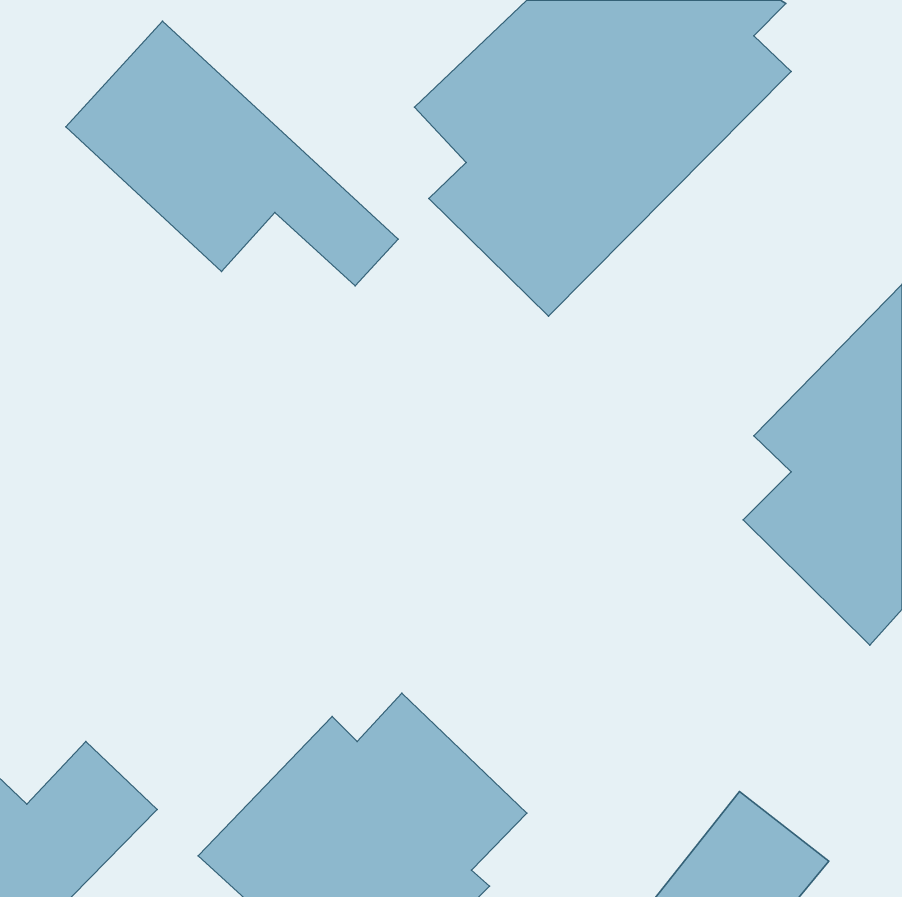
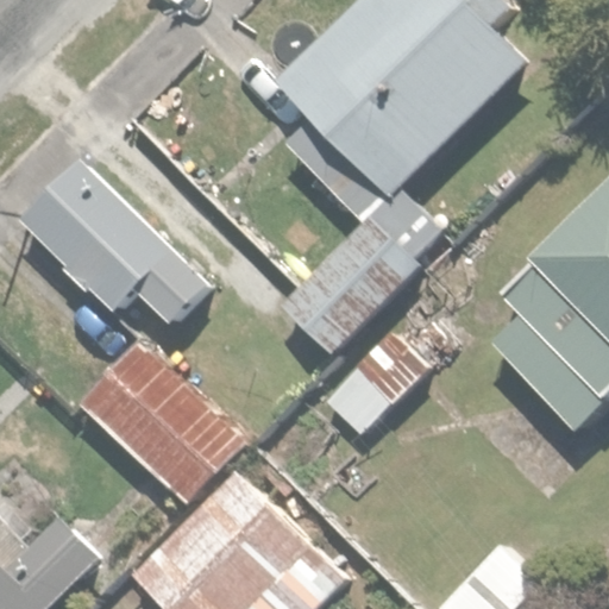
building: [66,21,398,286] -> [13,147,234,324]
building: none -> [283,219,432,368]
building: none -> [77,339,241,501]

